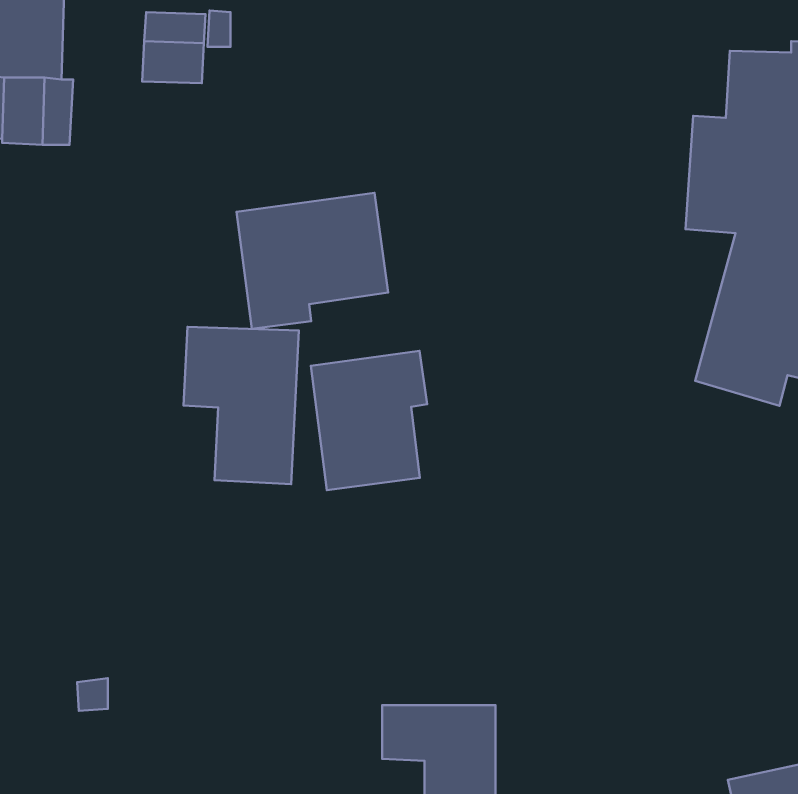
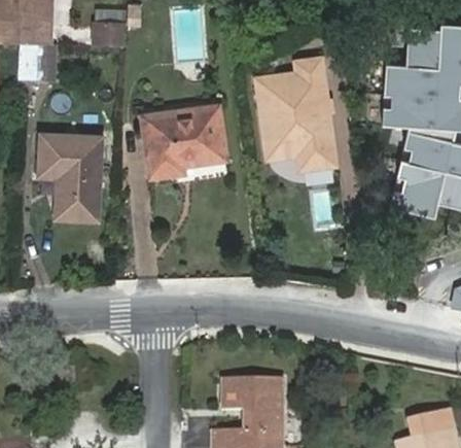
building: none -> [256,57,333,170]
building: [184,327,299,484] -> [39,135,101,219]
building: [311,351,427,490] -> none

